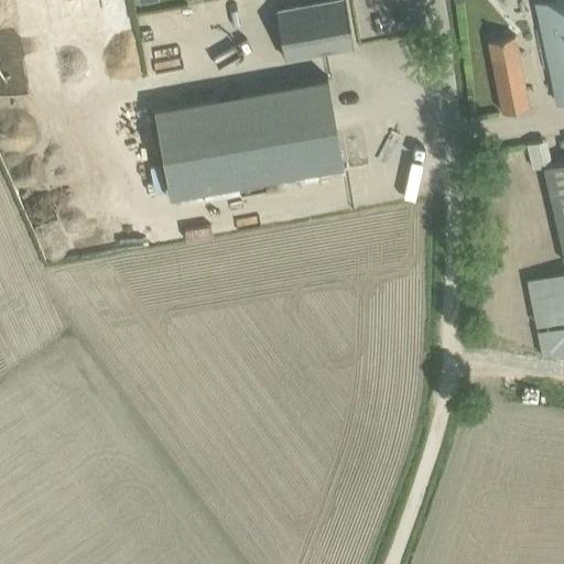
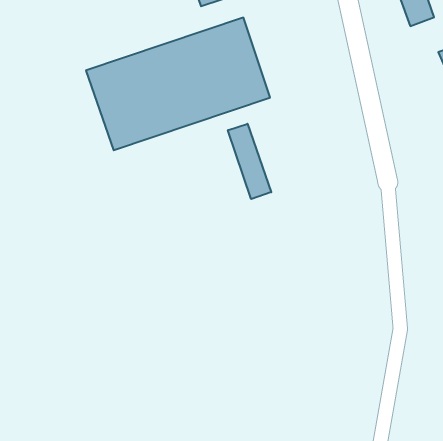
building: none -> [228,124,271,199]

